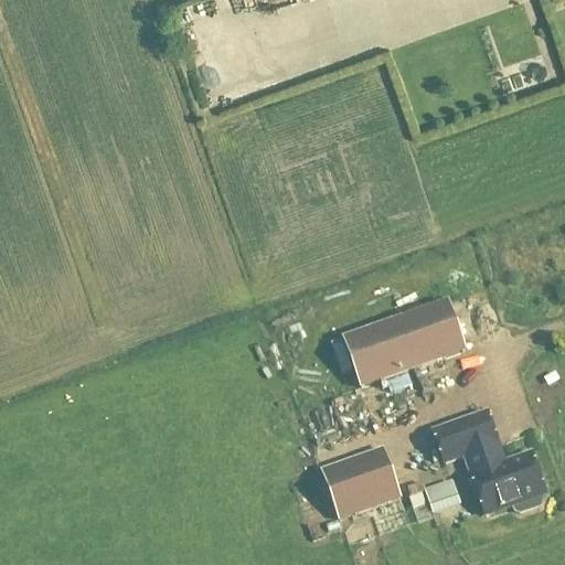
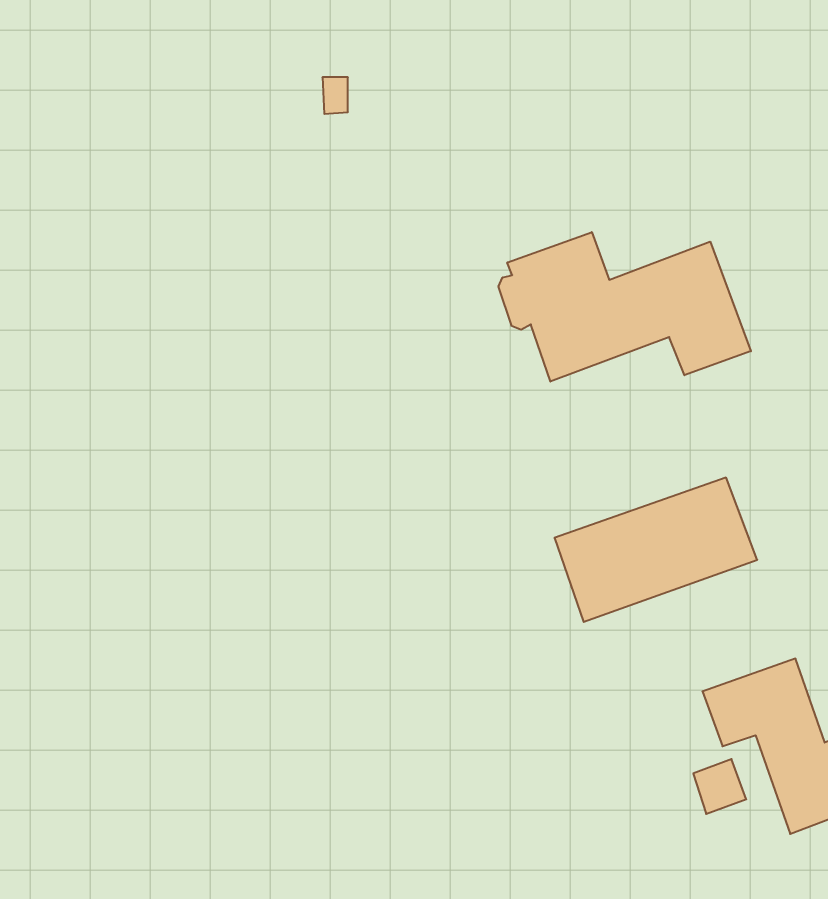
building: none -> [499,232,751,382]
building: [321,445,399,516] -> none

